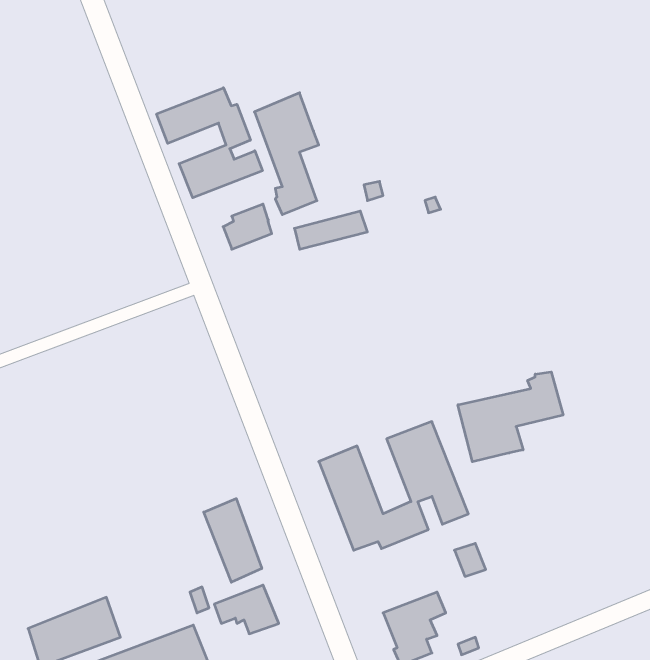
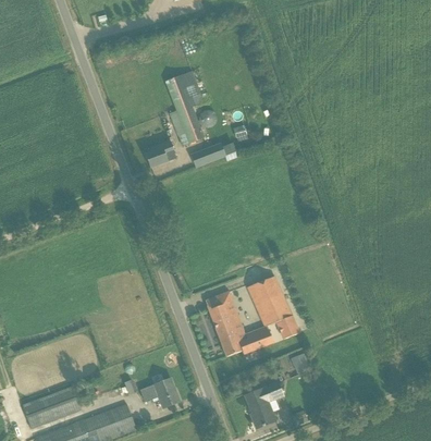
building: [157,88,262,198] -> none
building: [458,372,563,462] -> none
building: [204,499,262,582] -> none

